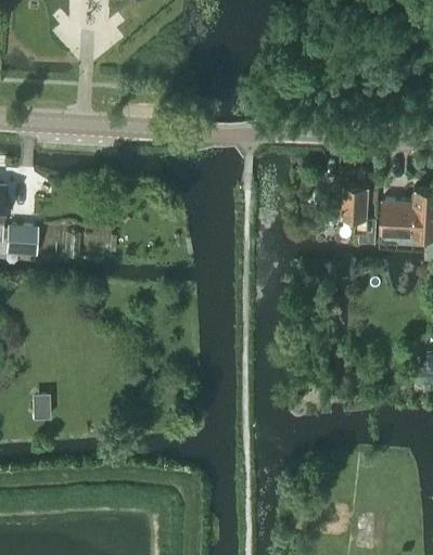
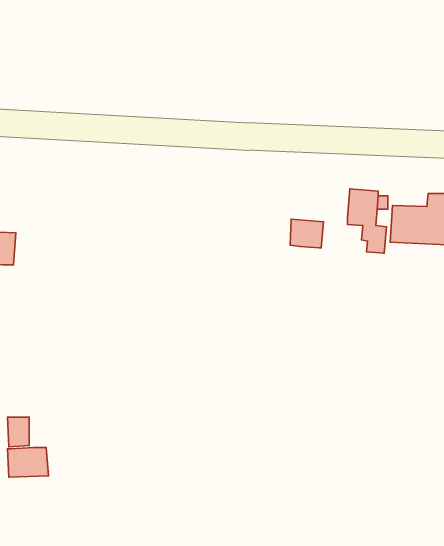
building: none -> [290,219,323,248]
building: none -> [8,447,49,477]

